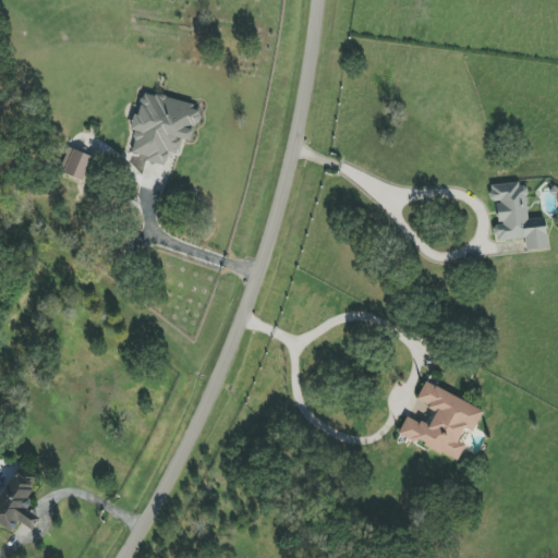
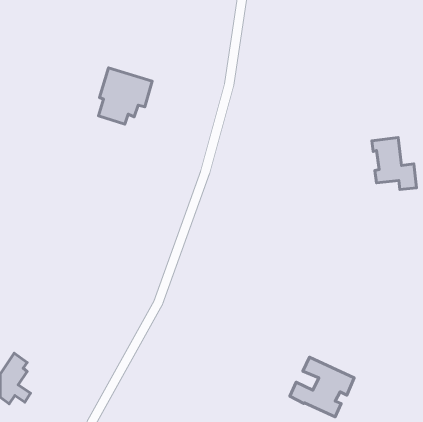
building: [59,146,92,180] -> none
building: [398,381,483,460] -> [290,357,354,417]

